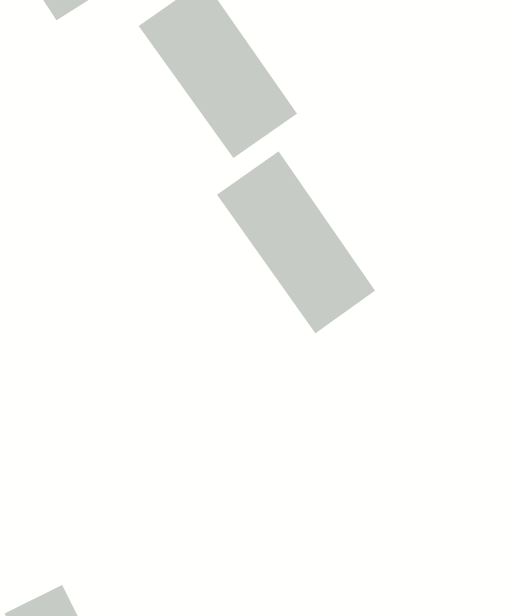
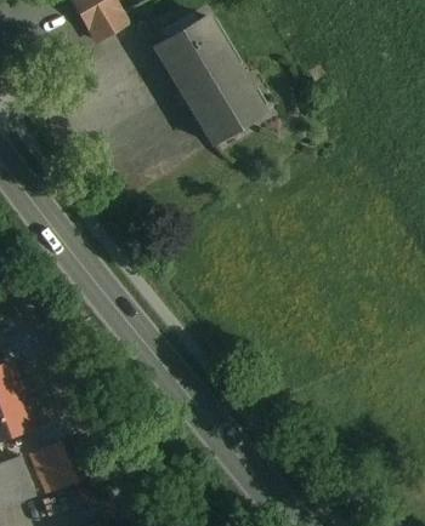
building: [216,150,376,334] -> none

